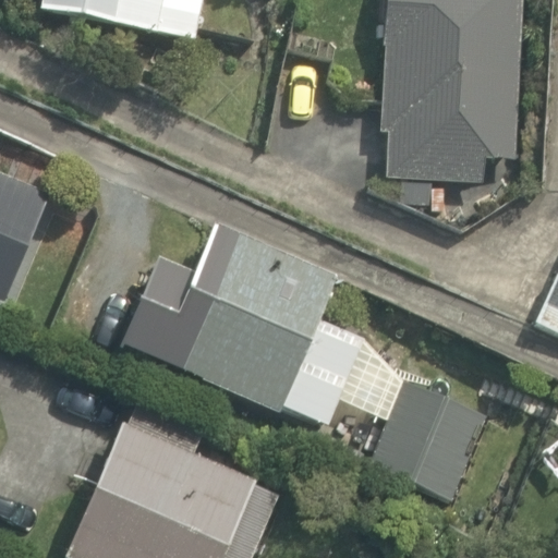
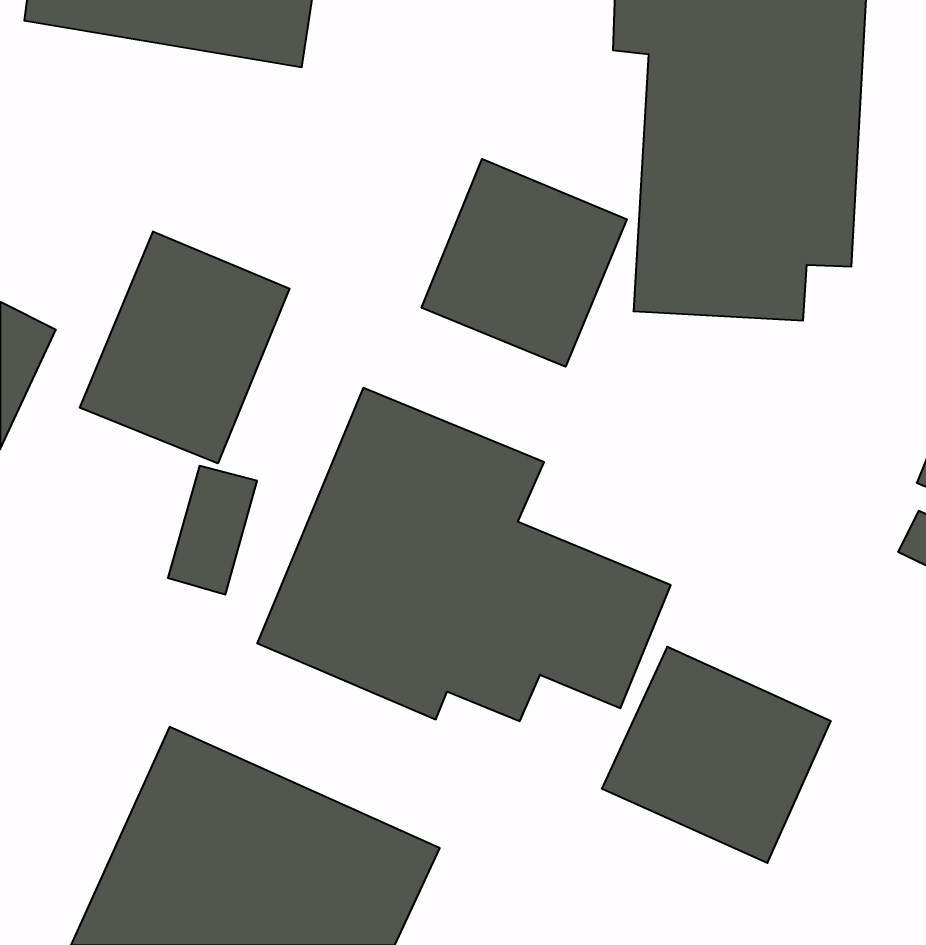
building: none -> [422,159,627,367]
building: none -> [80,231,290,463]

